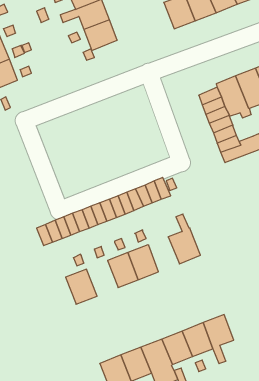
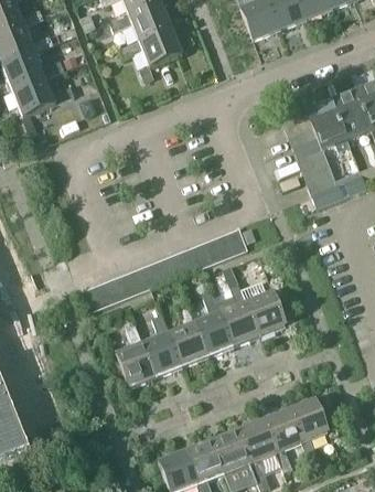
building: none -> [219,282,259,345]
building: none -> [142,331,182,376]

